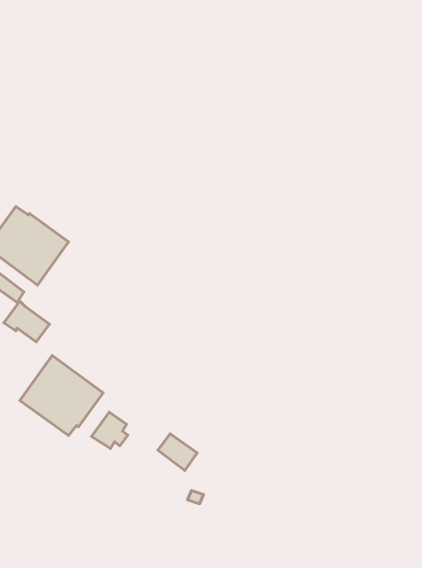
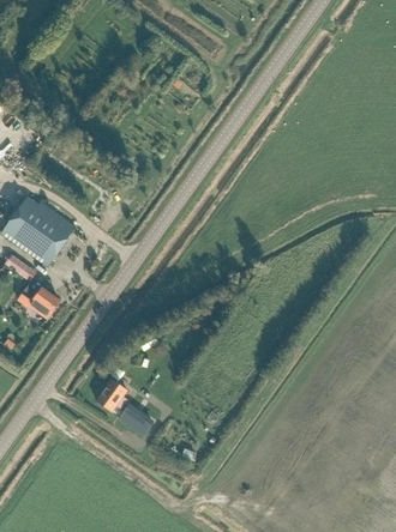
building: [20,355,103,435] -> none
building: [158,434,197,470] -> [118,404,152,436]

